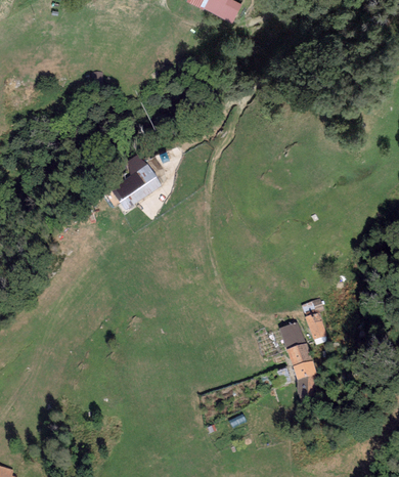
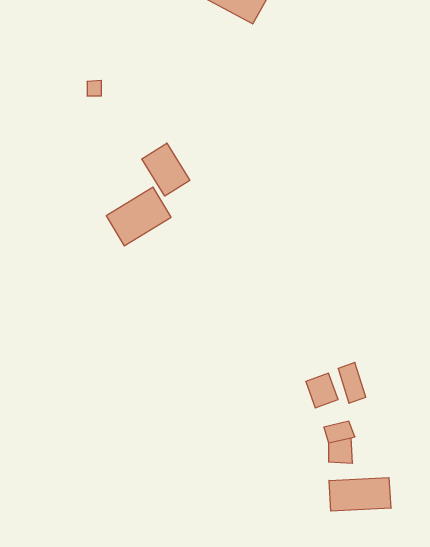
building: none -> [142,143,190,196]
building: [284,344,313,367] -> none
building: none -> [329,478,391,511]

